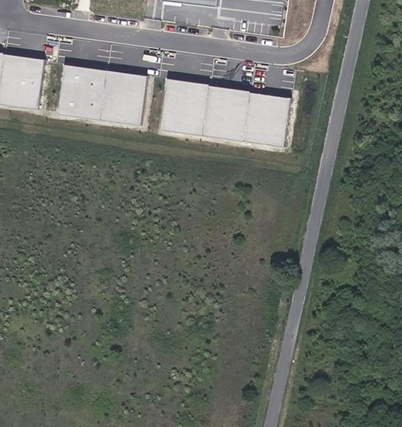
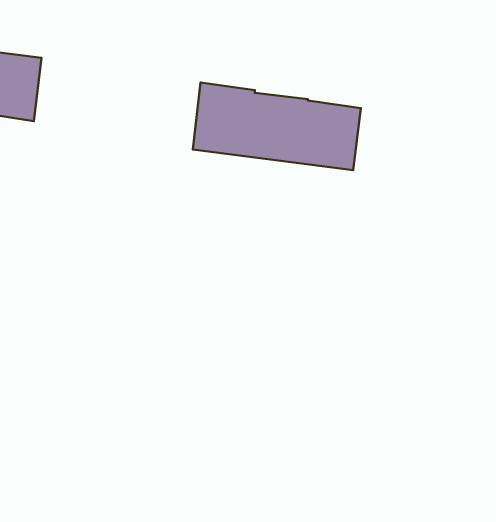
building: [57,66,147,125] -> none

